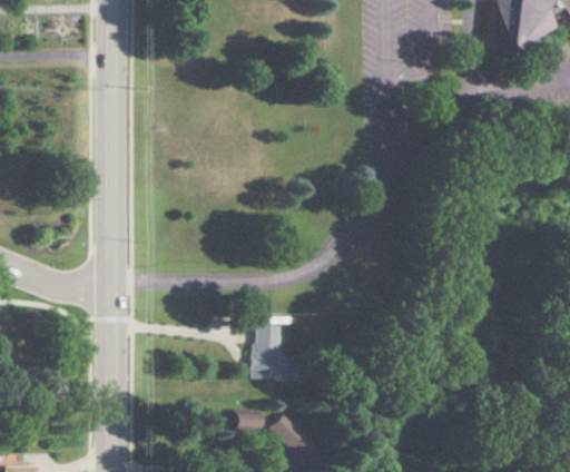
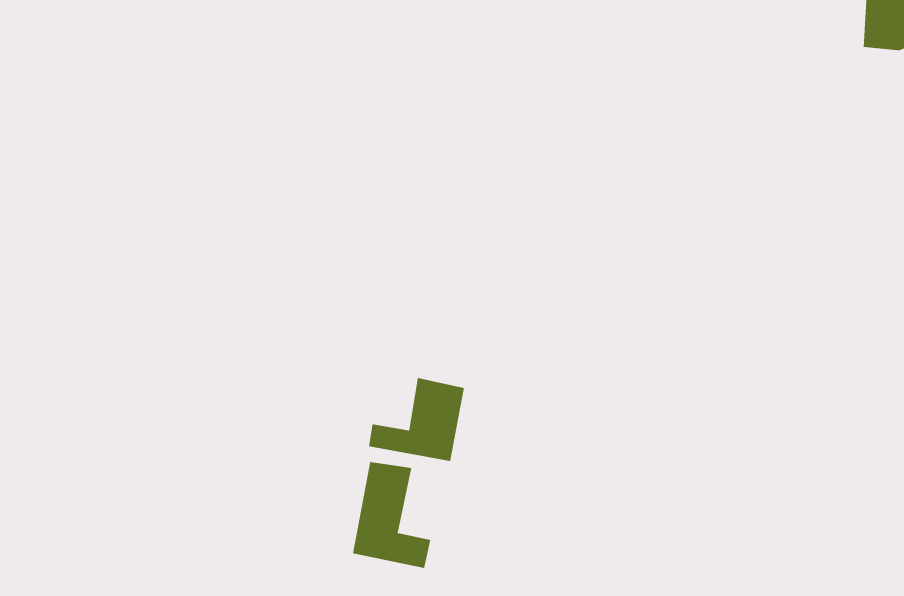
building: none -> [368,377,465,462]

